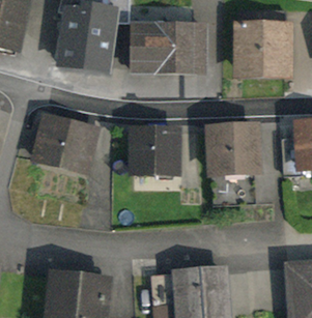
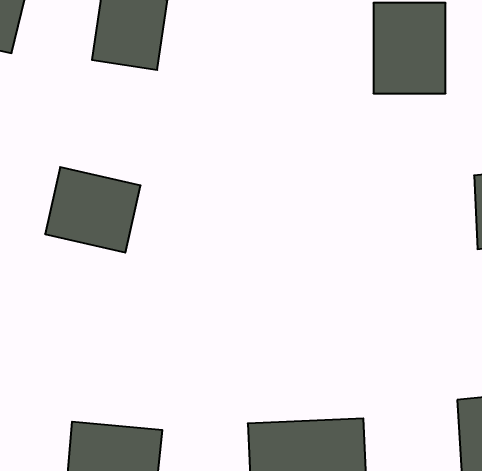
building: [131,20,197,67] -> none
building: [210,123,251,172] -> none
building: [135,132,172,172] -> none

